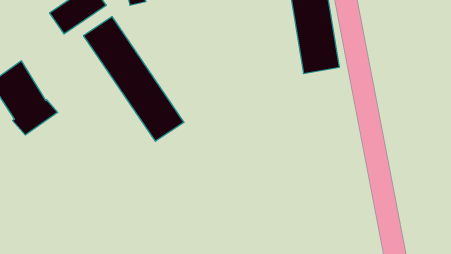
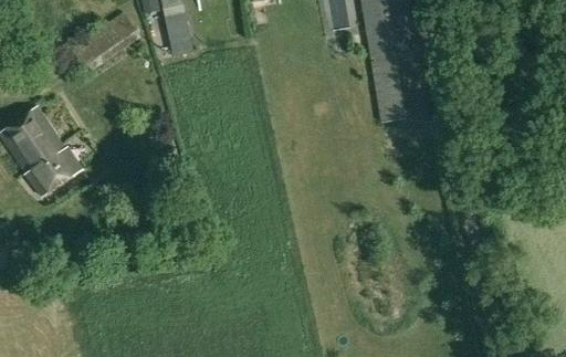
building: [84,17,184,141] -> none

